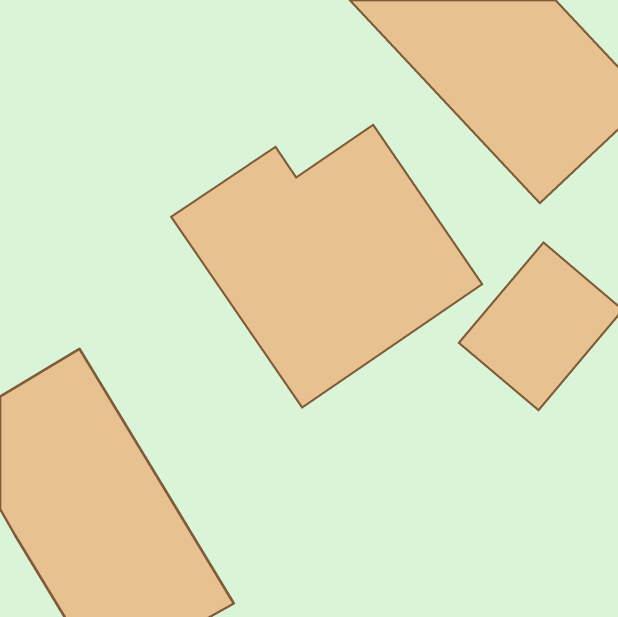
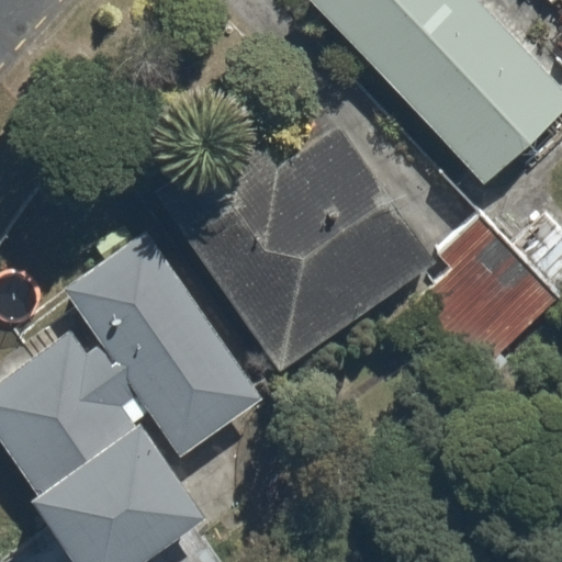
building: none -> [55,225,254,454]

